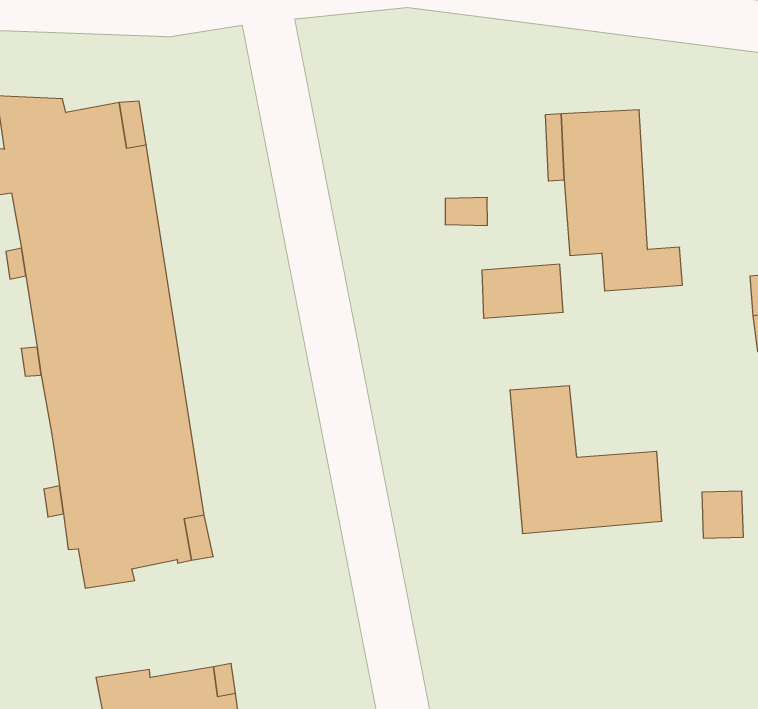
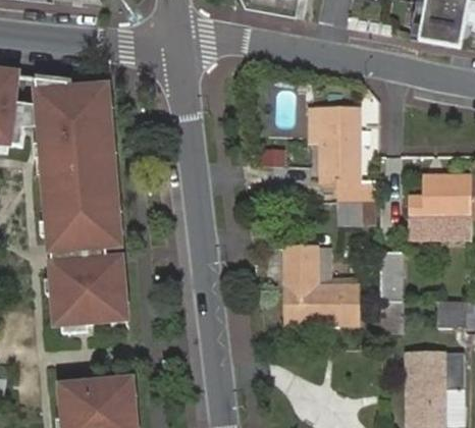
building: [482,264,563,318] -> [335,200,376,224]
building: none -> [380,251,402,300]

